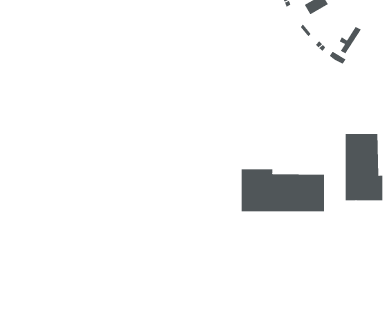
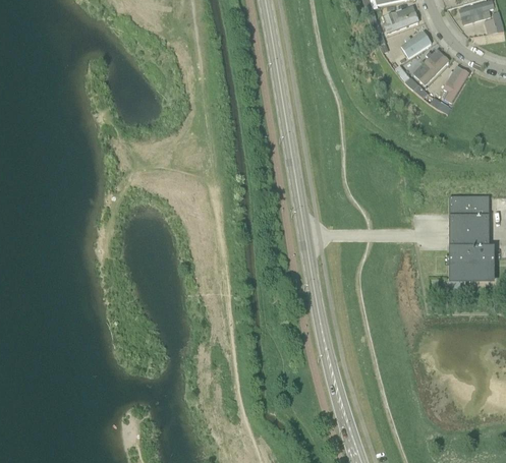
building: none -> [411,49,448,84]
building: [241,168,325,212] -> none

